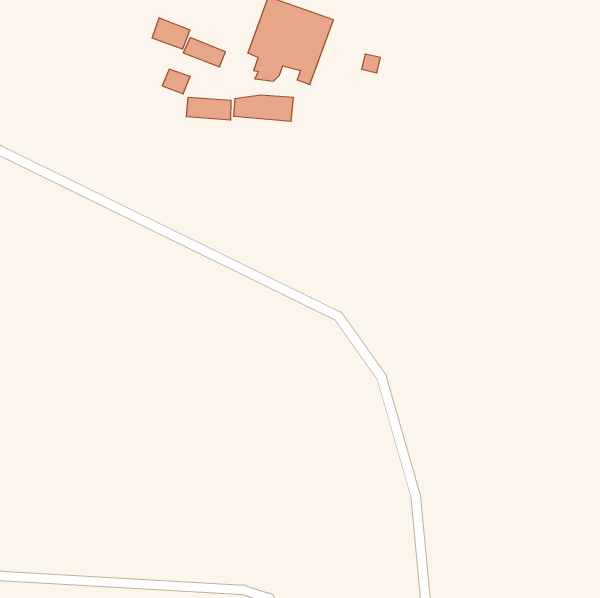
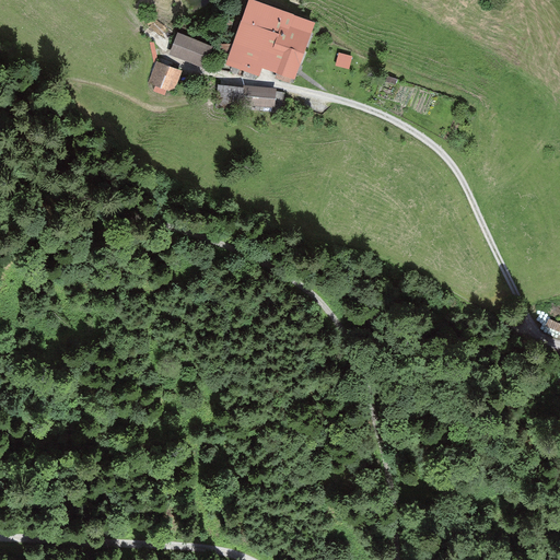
building: [152,18,190,49] -> none
building: [187,97,231,120] -> none

